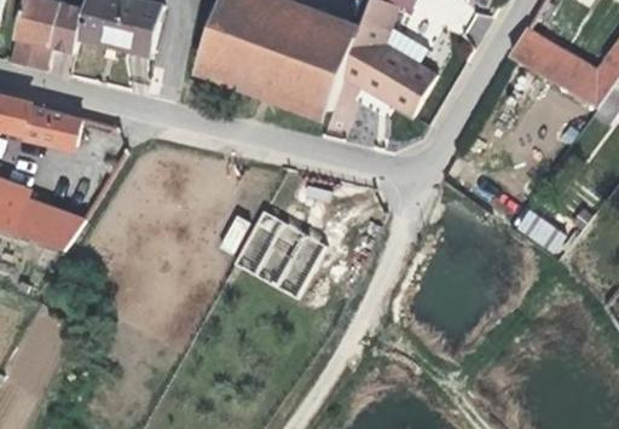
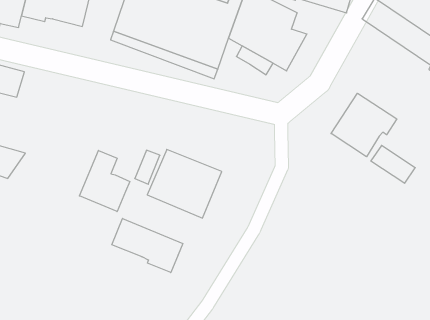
building: none -> [331,93,397,157]
building: none -> [79,150,130,212]
building: none -> [112,218,183,273]

